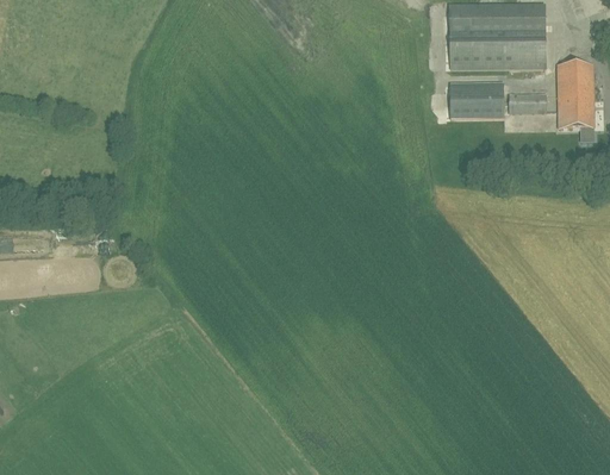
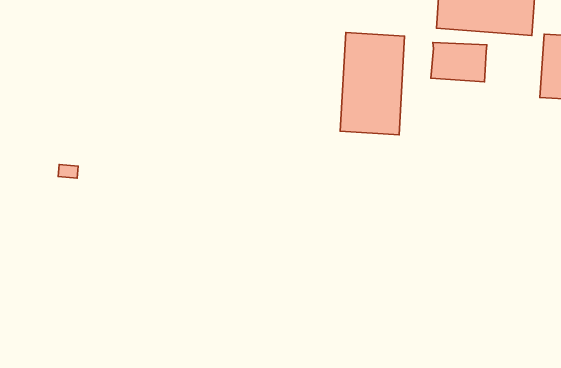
building: none -> [340,32,405,135]
building: [508,92,546,110] -> none

